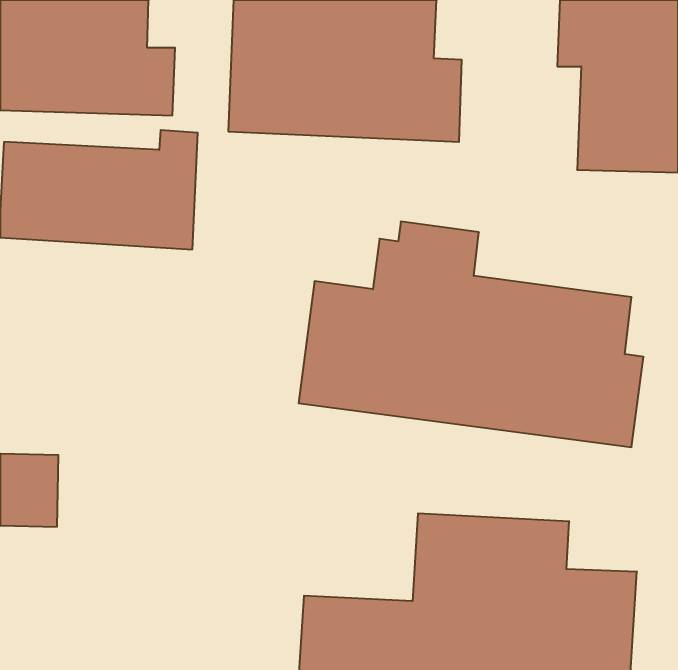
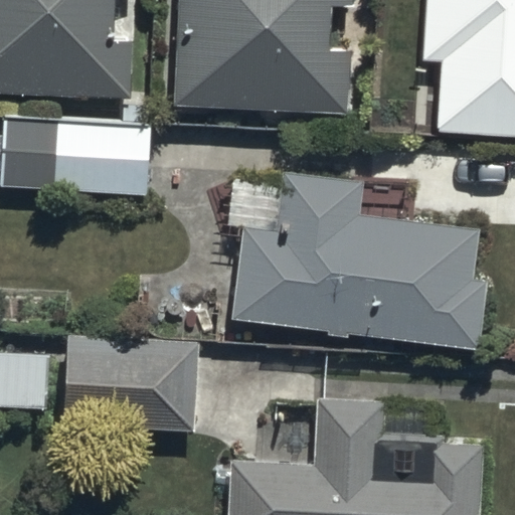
building: none -> [60,337,196,431]

